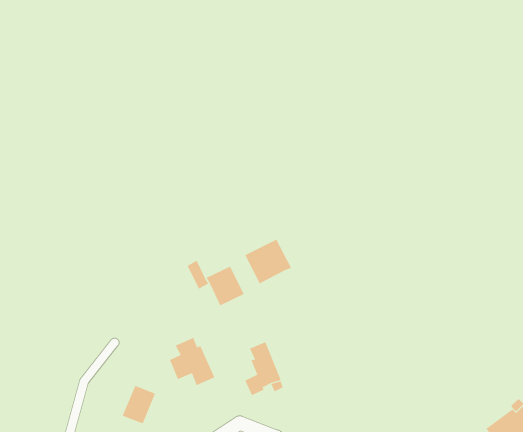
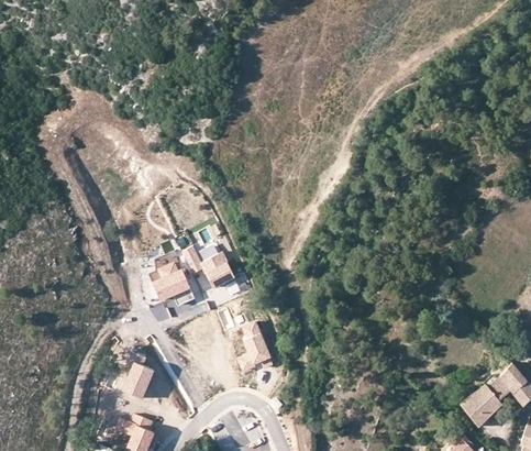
building: [244,239,292,284] -> none
building: [169,337,215,386] -> [152,262,195,307]

